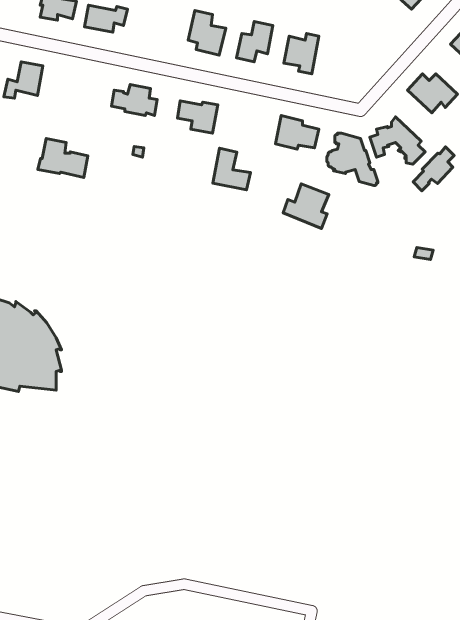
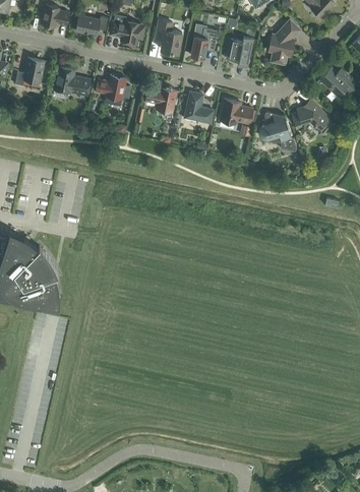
building: none -> [267,19,300,64]
building: none -> [109,20,143,44]
building: [38,138,88,177] -> [53,66,91,96]
building: [413,147,454,191] -> none
building: [213,148,250,190] -> [184,91,213,123]
building: [283,184,329,229] -> none

